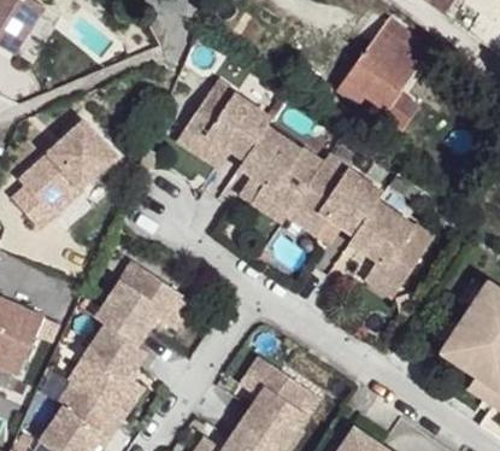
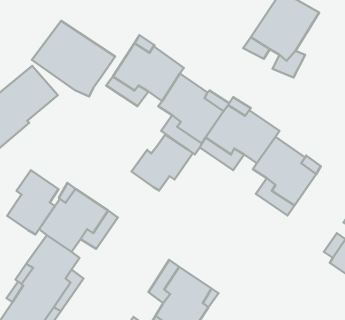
building: none -> [32,21,115,97]
building: none -> [131,134,193,190]
building: none -> [7,170,58,234]

